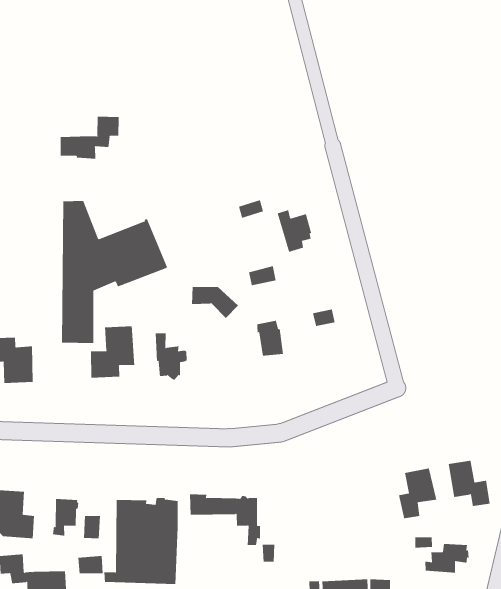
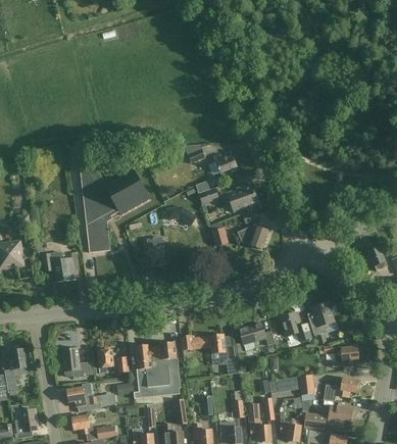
building: [60,116,119,160] -> none
building: none -> [228,186,257,211]
building: [90,326,135,378] -> none
building: none -> [237,225,267,249]
building: [448,460,490,506] -> [281,312,310,341]
building: none -> [239,323,275,345]

